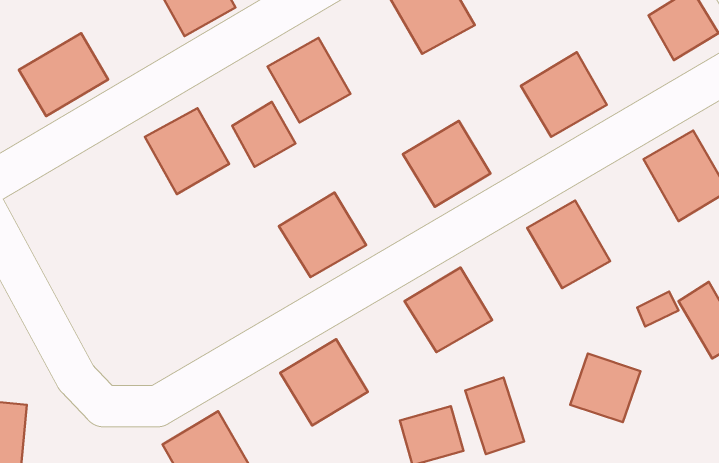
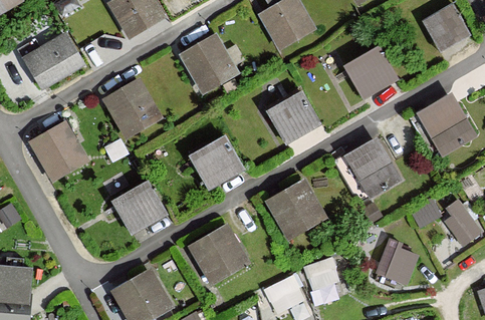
building: [232,102,296,167] -> none
building: none -> [31,126,84,181]
building: none -> [111,185,167,238]

